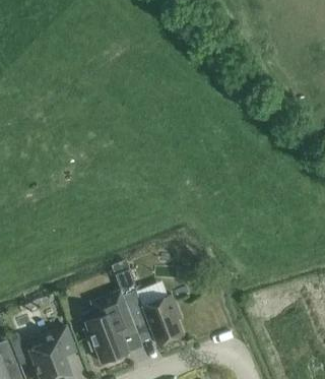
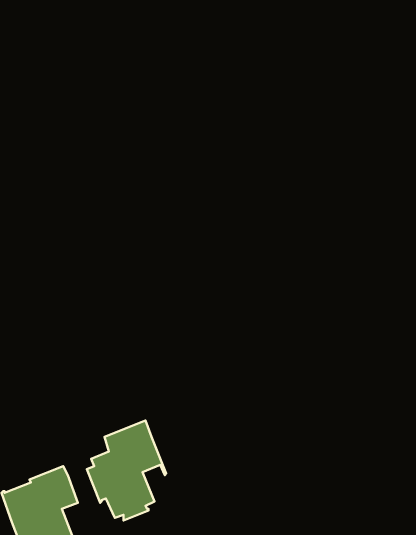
building: [116,268,143,306] -> none
building: [143,294,185,344] -> none

